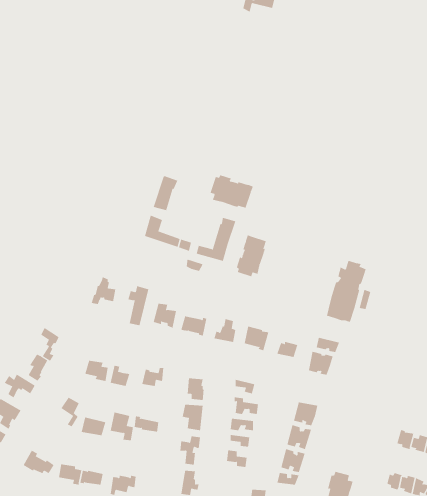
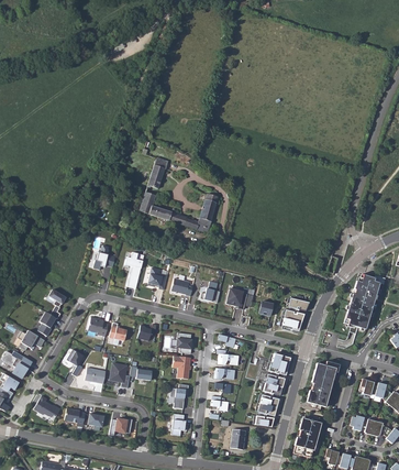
building: [210,175,253,209] -> none
building: [236,234,266,277] -> none
building: [326,260,367,323] -> [344,274,379,329]
building: none -> [306,361,339,409]

